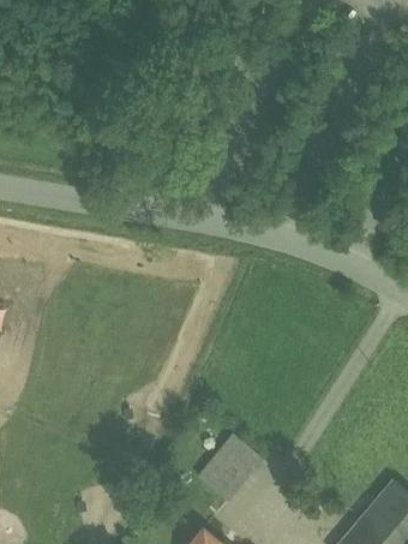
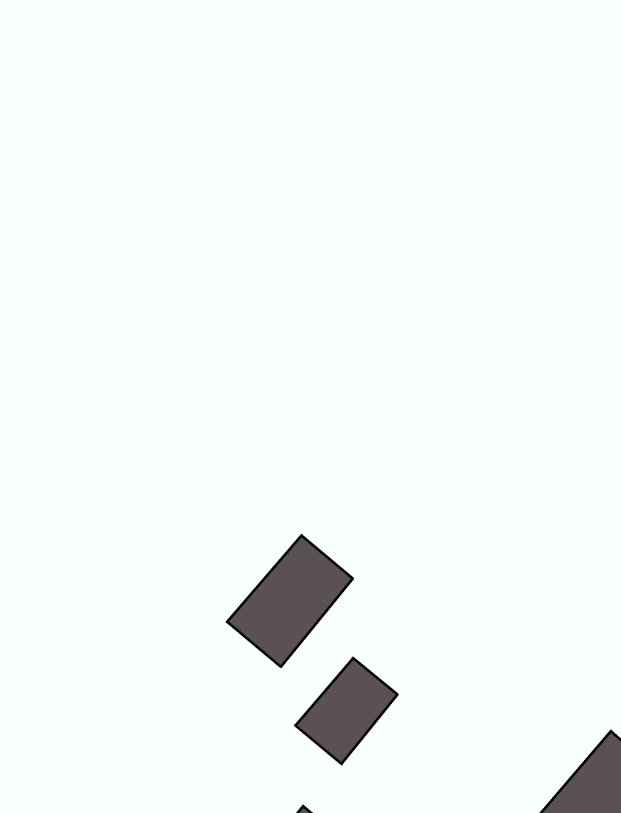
building: none -> [227,535,353,667]

